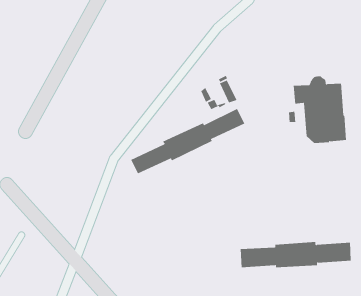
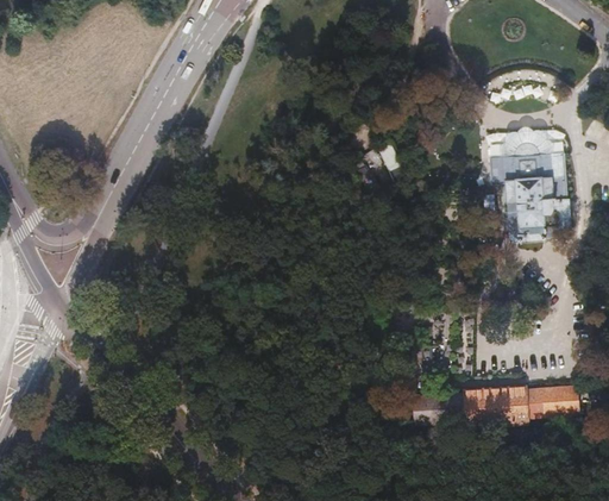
building: [130,108,245,174] -> none

